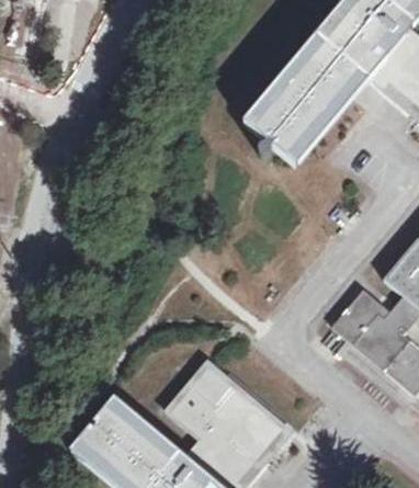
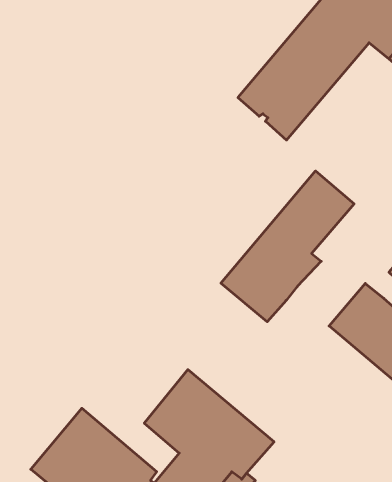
building: none -> [221,171,354,322]

